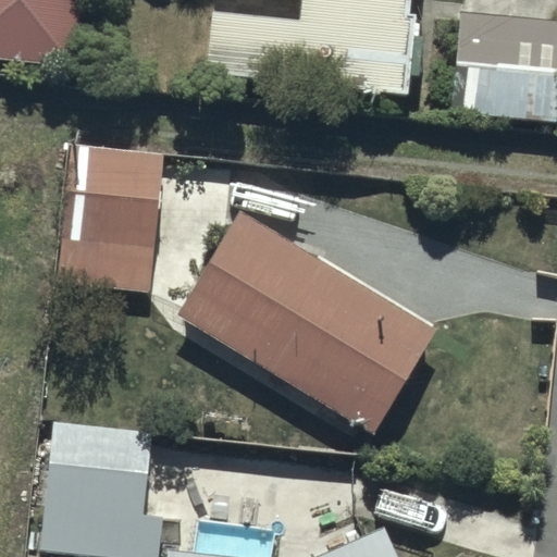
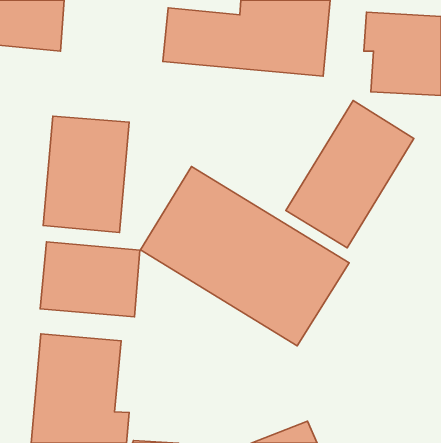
building: none -> [286,101,414,248]
building: none -> [40,242,140,317]

